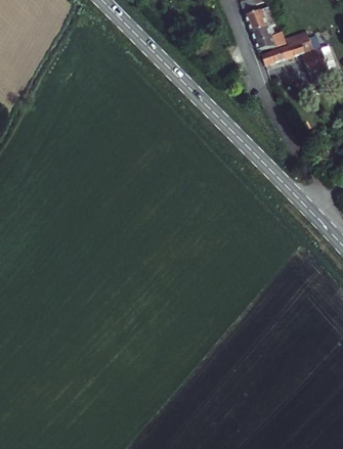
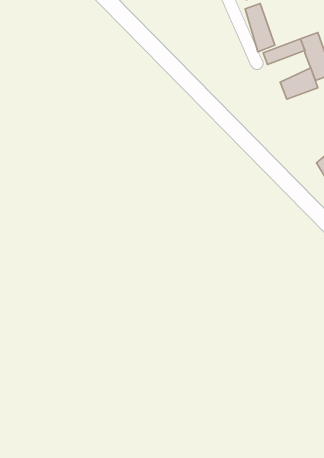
building: none -> [280,68,318,99]

